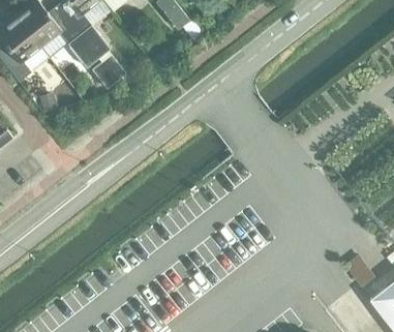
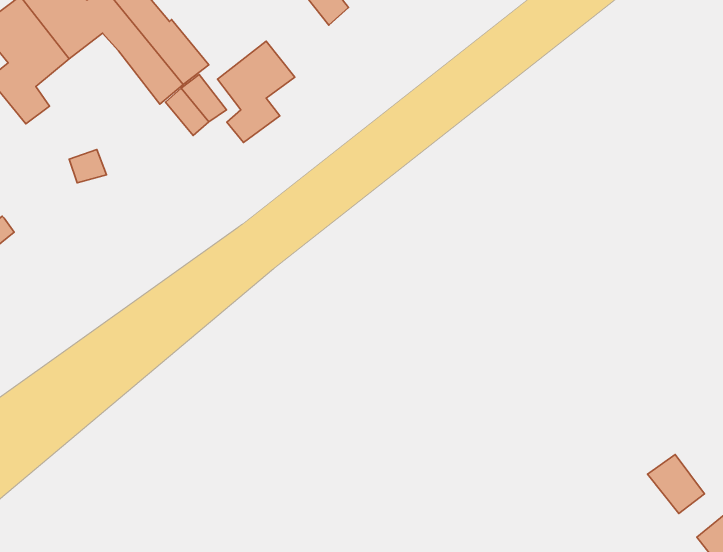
building: none -> [218,41,295,143]

